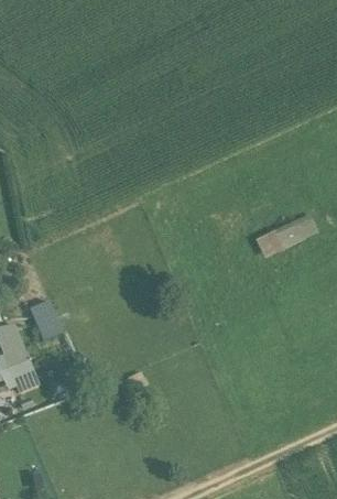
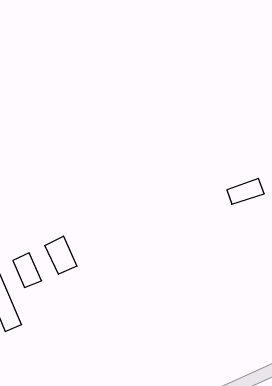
building: none -> [45,236,77,274]

